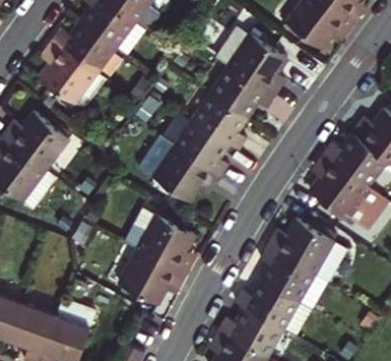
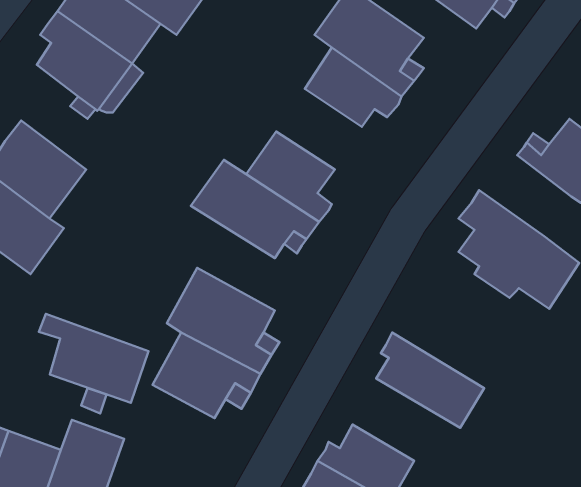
building: [193,88,248,145] -> none
building: [323,131,382,183] -> none
building: [267,216,345,281] -> none
building: none -> [39,314,149,403]
building: [236,275,311,334] -> none

